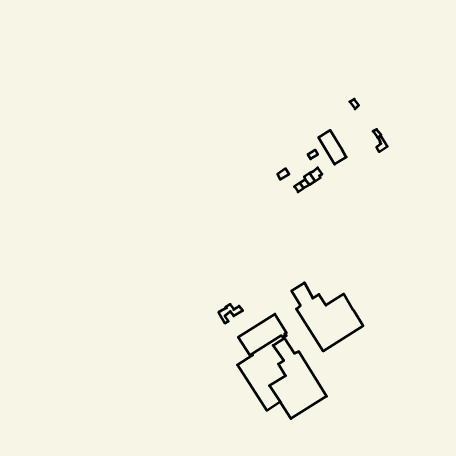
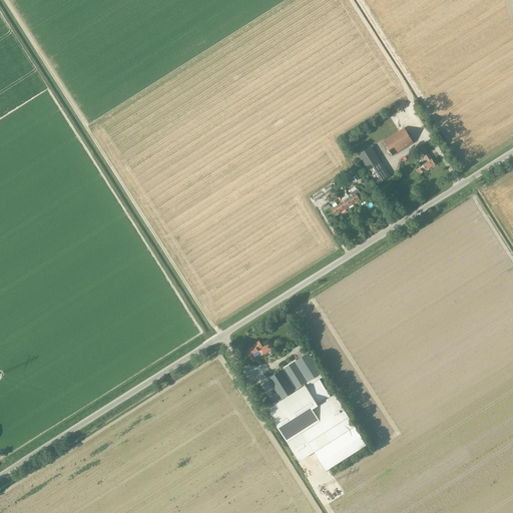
building: none -> [384,128,413,155]
building: [292,283,363,351] -> none

